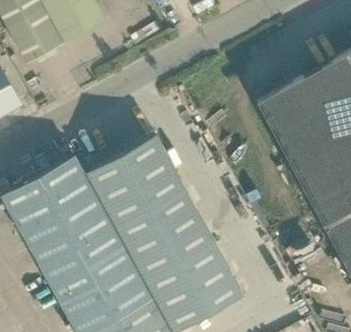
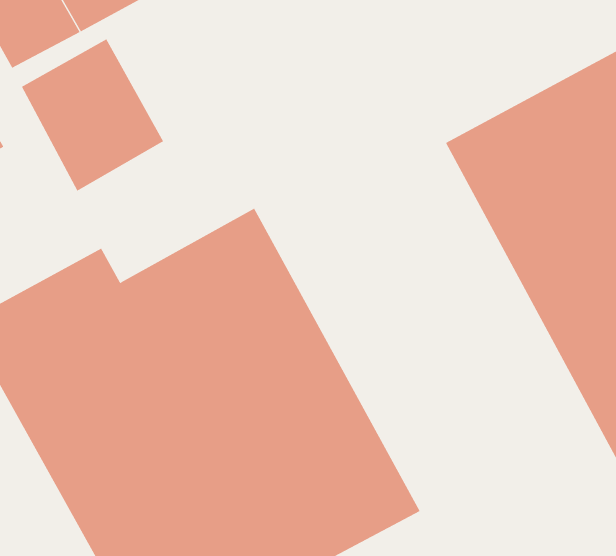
building: none -> [21,38,164,191]

